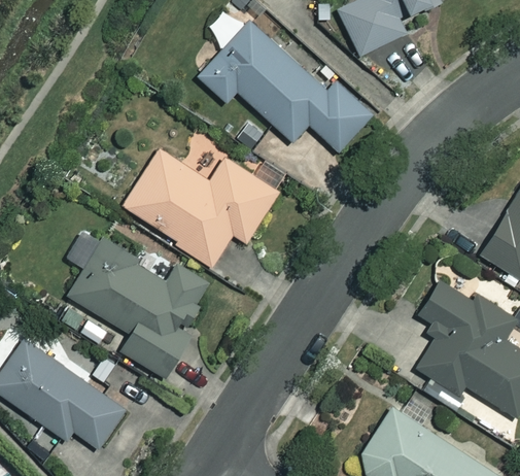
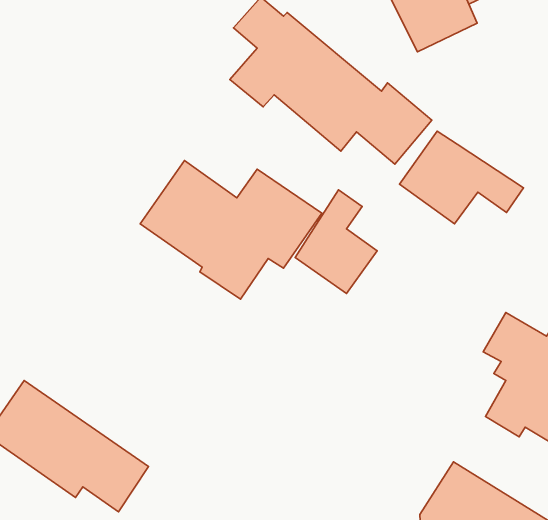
building: none -> [400,131,524,224]
building: none -> [295,190,377,293]
building: [64,235,210,379] -> none

